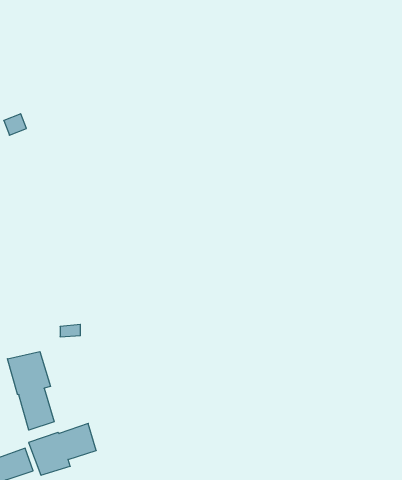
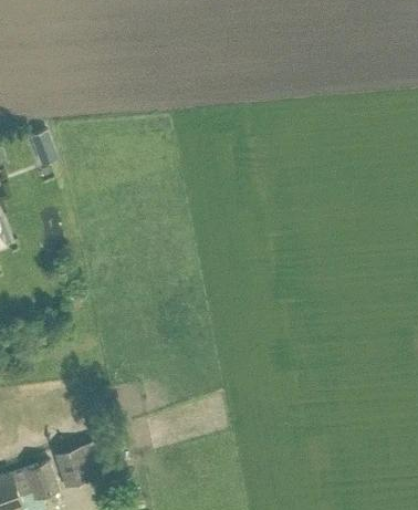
building: [7,352,54,430] -> none

